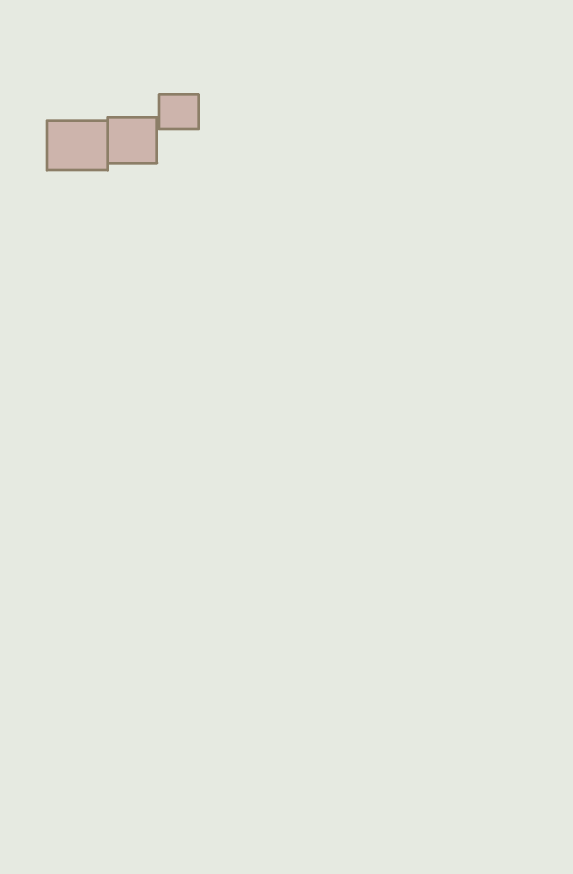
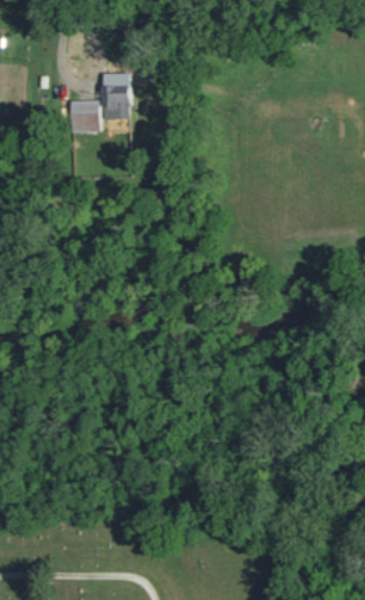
building: [47,121,108,170] -> none

